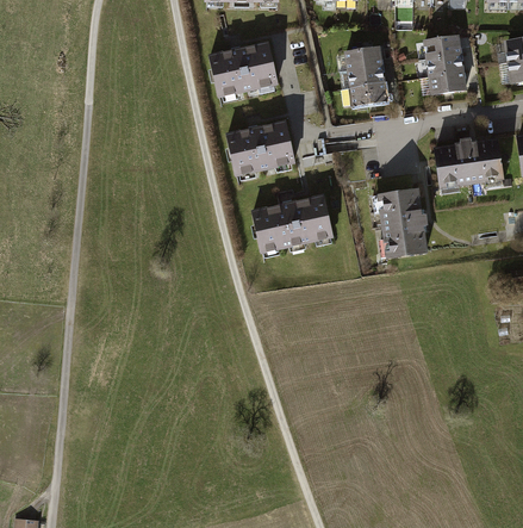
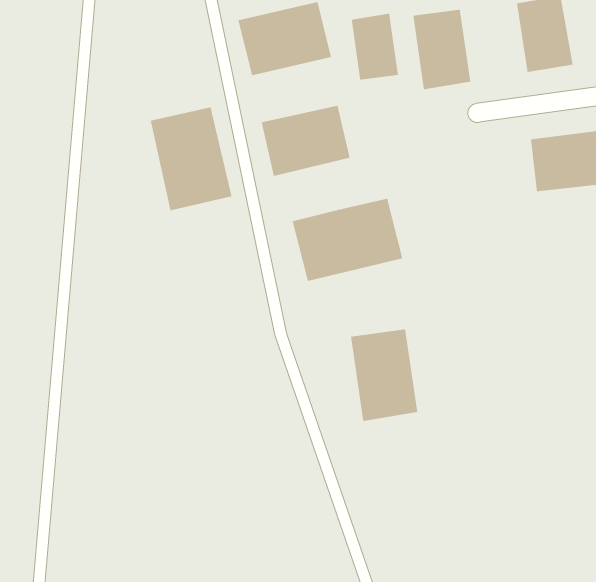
building: none -> [351,13,399,81]
building: none -> [150,107,232,211]
building: [374,187,427,259] -> [350,329,418,422]

